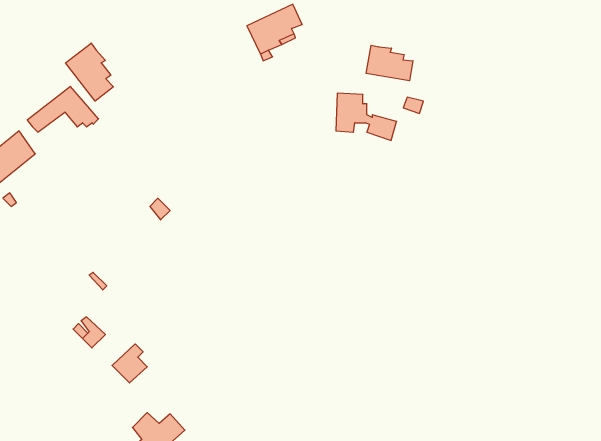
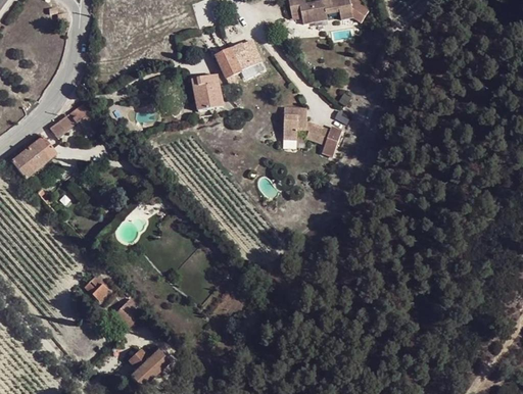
building: [65,43,113,101] -> none
building: [366,45,413,81] -> none
building: none -> [192,75,224,110]

